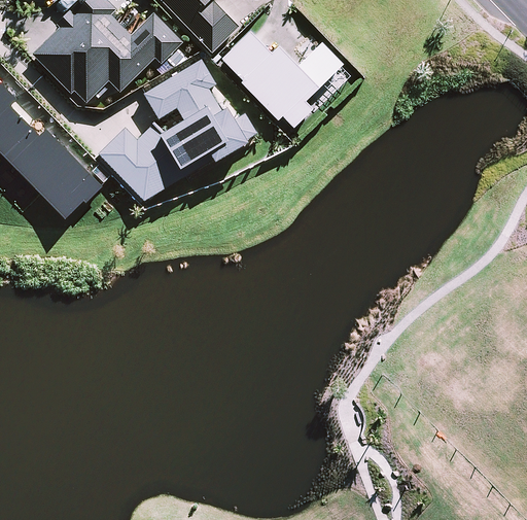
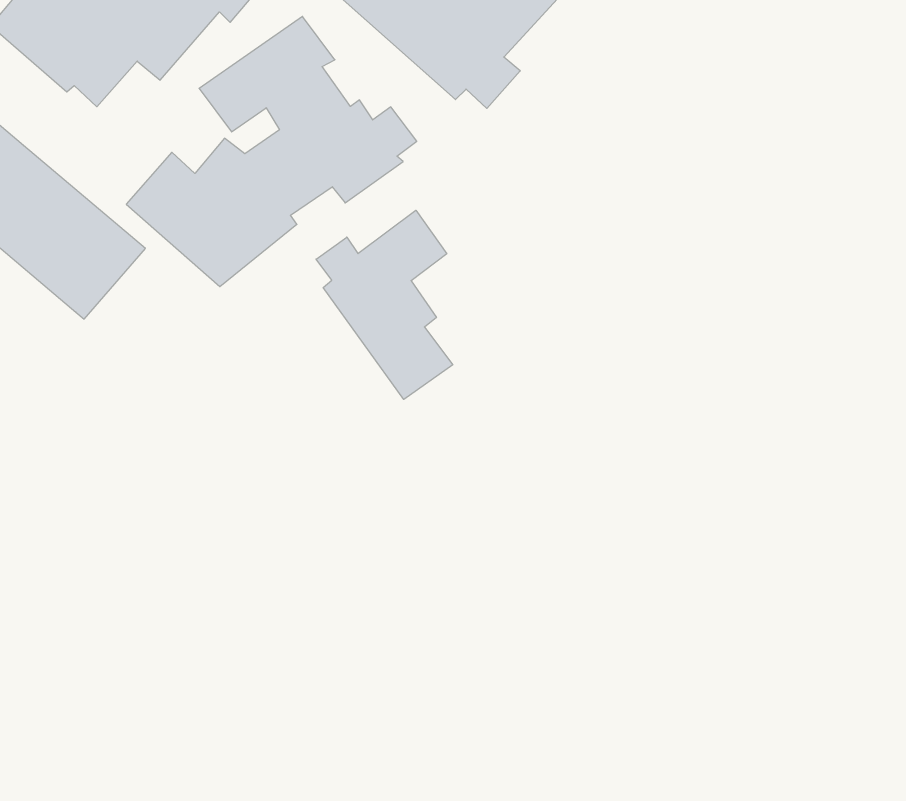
building: none -> [316,210,453,399]

